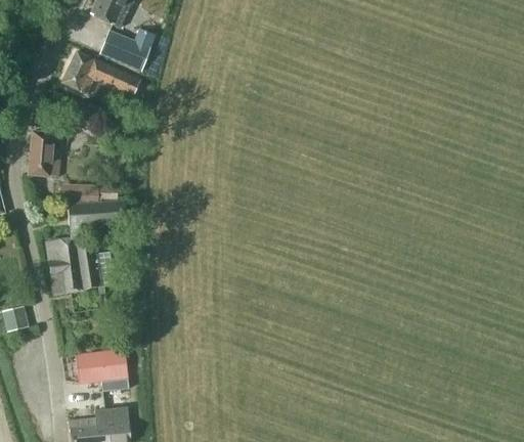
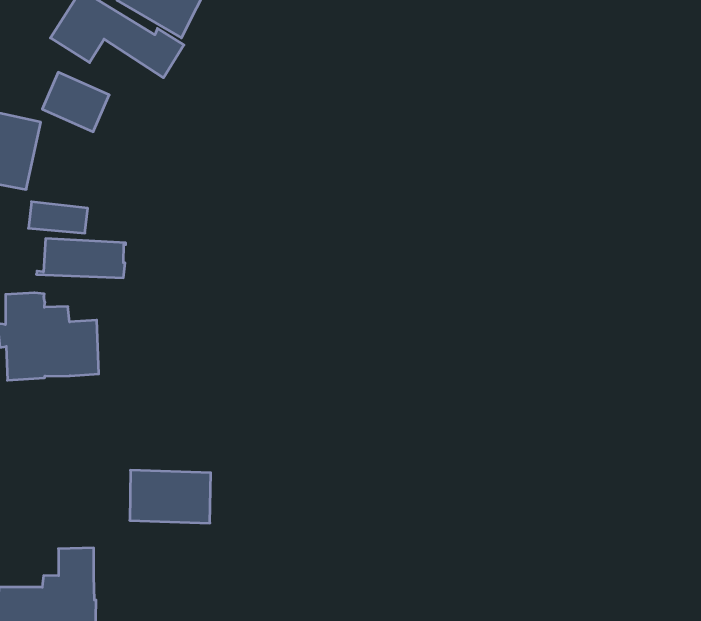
building: [75,348,127,383] -> [130,470,211,523]

